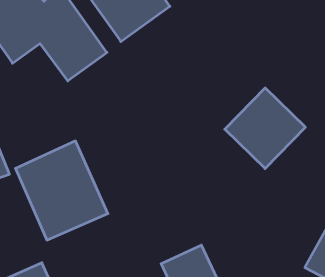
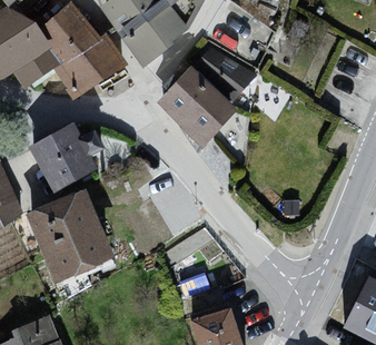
building: [225,88,305,169] -> [159,56,250,147]
building: none -> [42,119,100,176]

